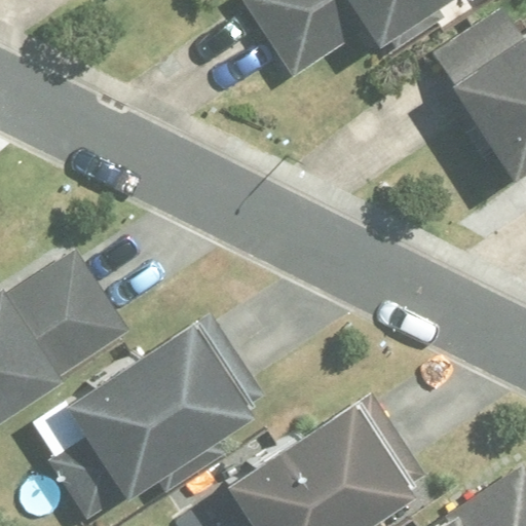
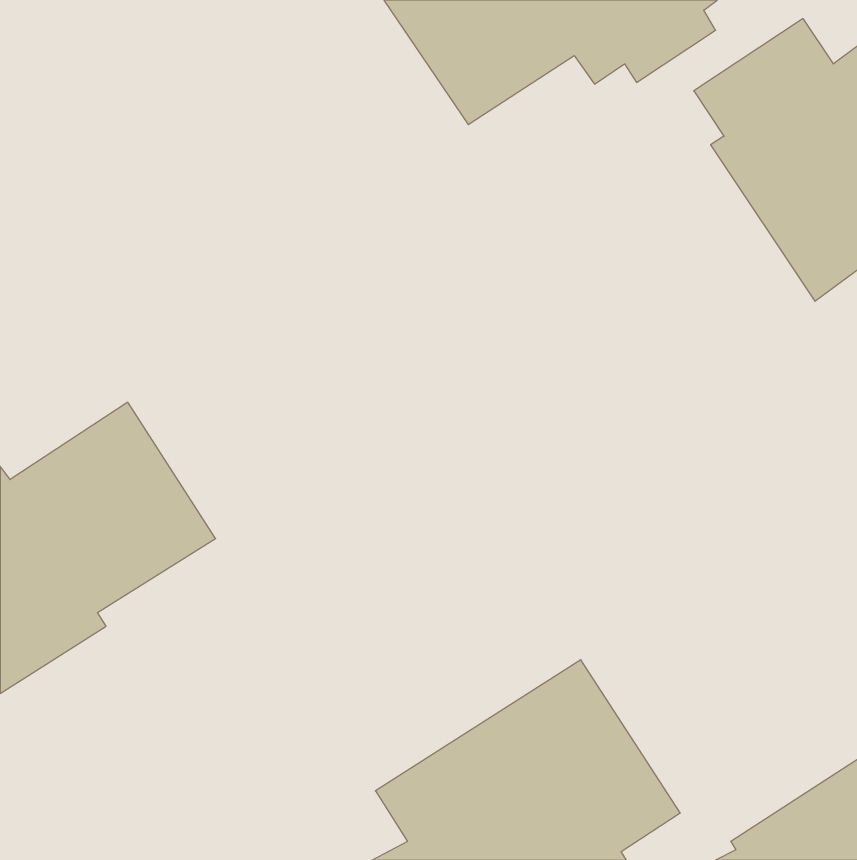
building: [54,323,258,517] -> none

